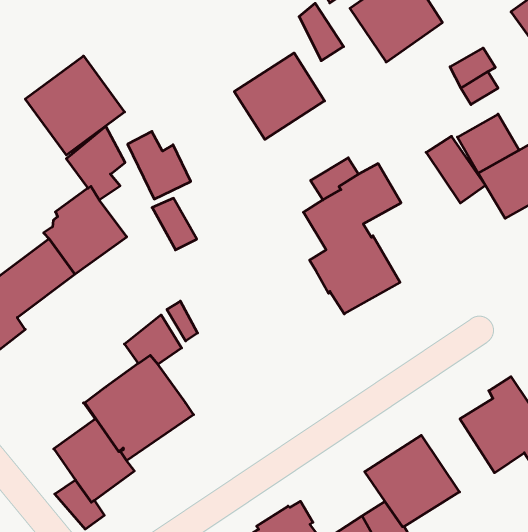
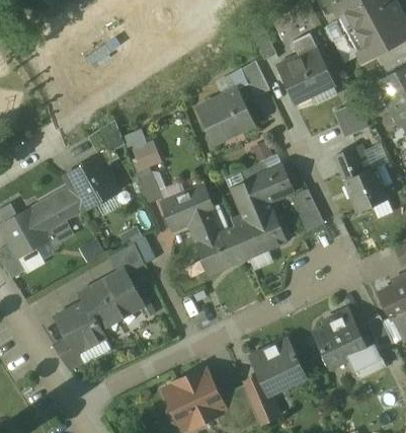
building: [25,56,125,155] -> none
building: [426,136,485,203] -> [291,189,325,231]
building: none -> [162,186,249,274]

